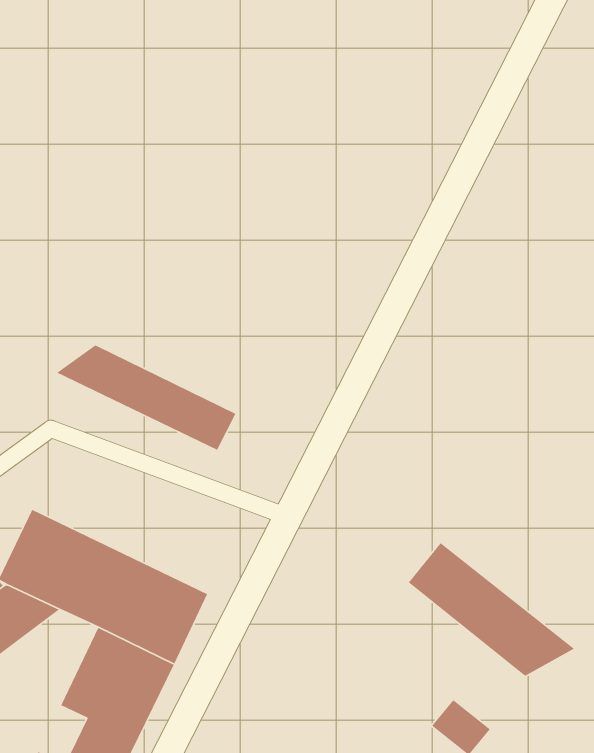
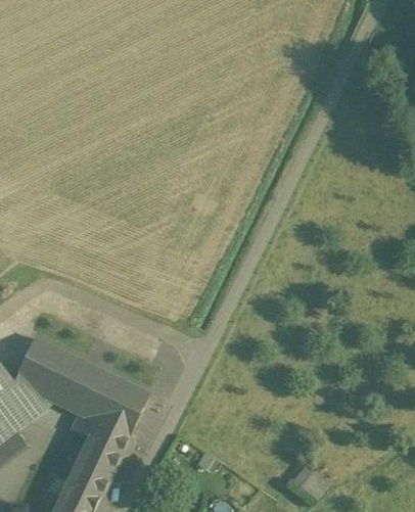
building: [56,345,236,451] -> none
building: [408,542,575,677] -> none

